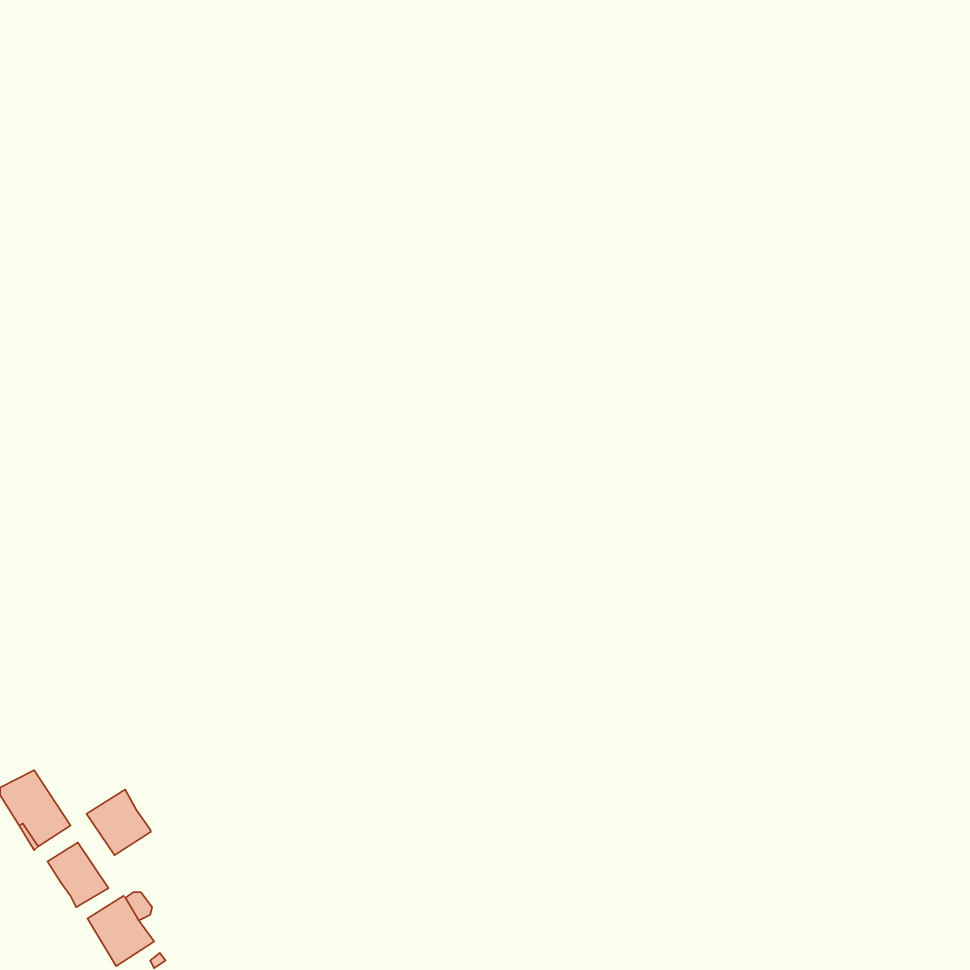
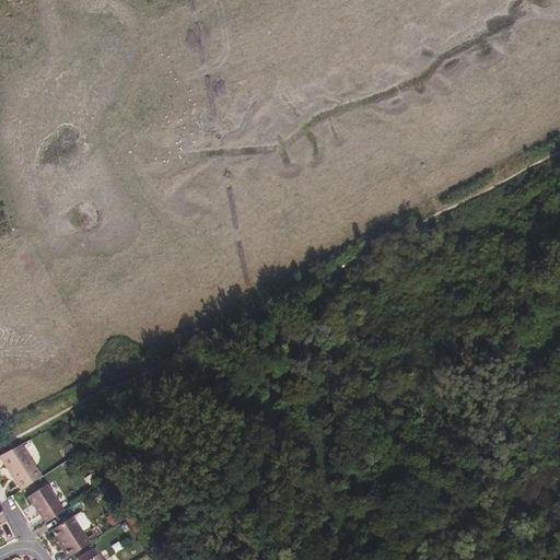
building: [86,790,151,855] -> none

